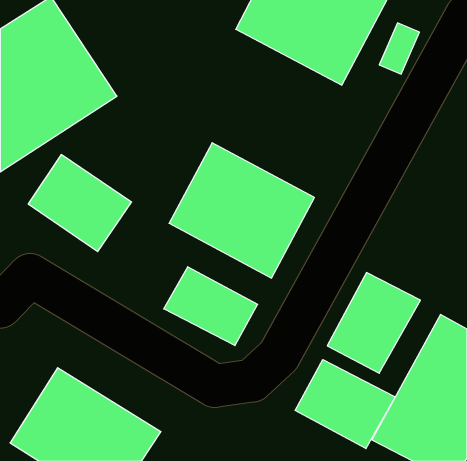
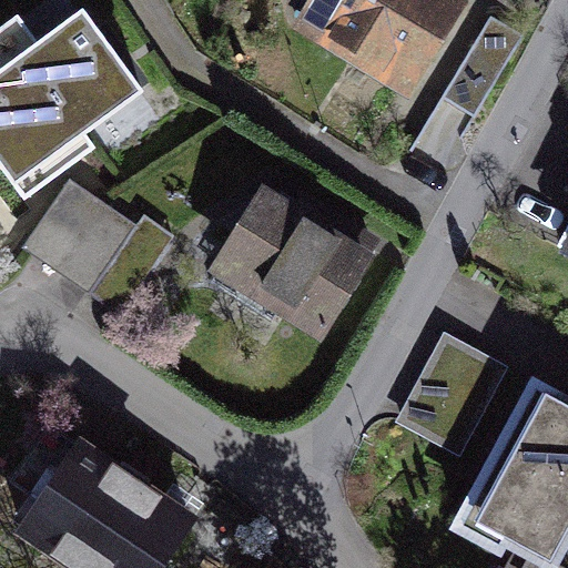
building: [164,267,258,346] -> none
building: [295,360,395,449] -> none

